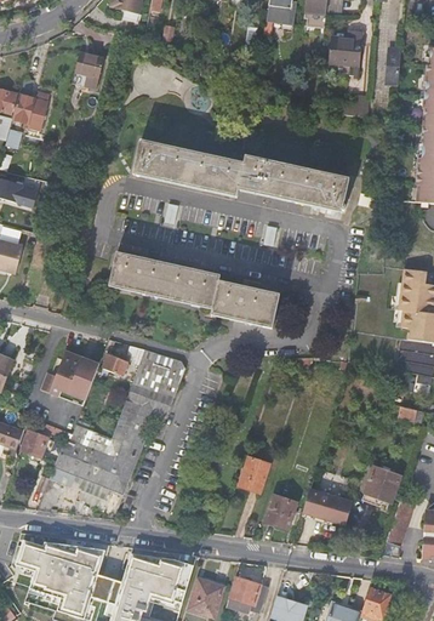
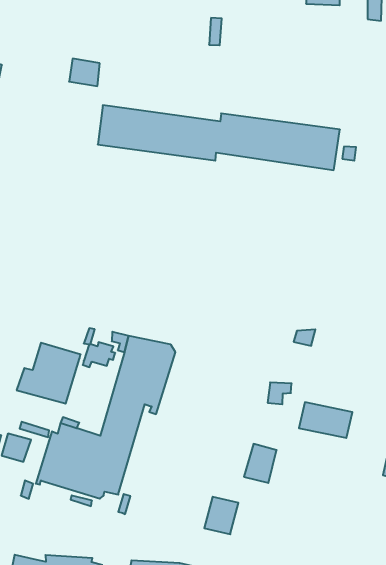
building: [74,52,103,79] -> [69,59,100,86]
building: [105,252,279,330] -> none
building: [303,489,353,524] -> [299,402,352,438]
building: [265,494,298,529] -> [204,497,238,534]

